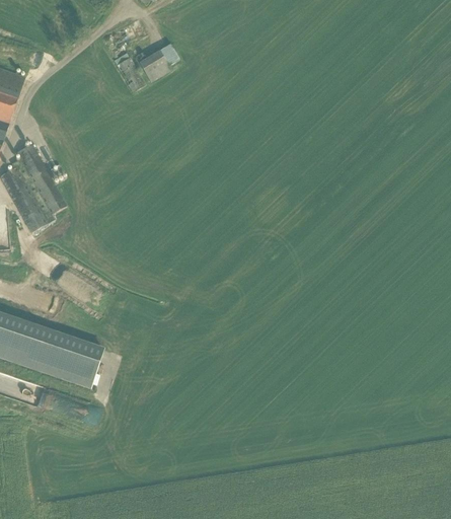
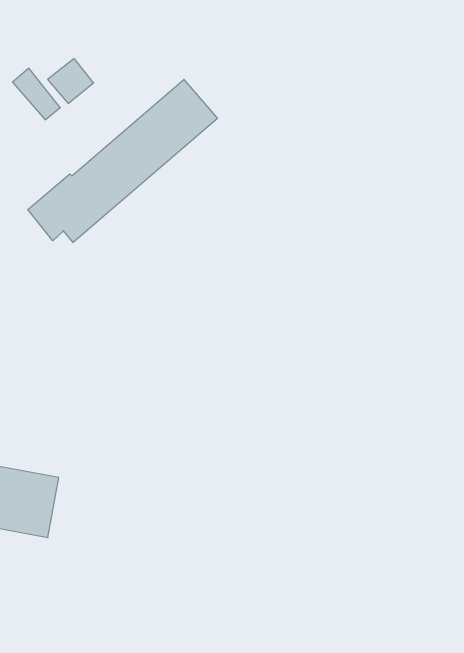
building: none -> [28,79,217,242]

